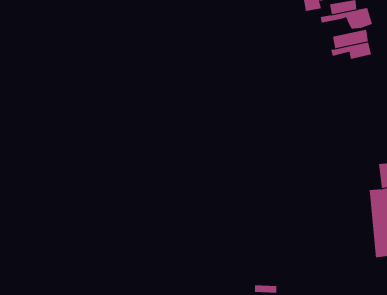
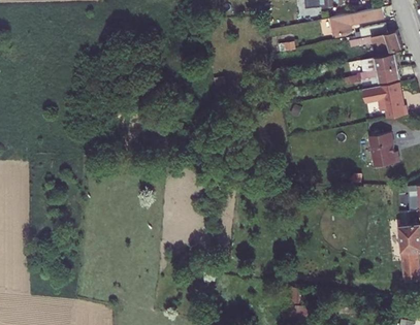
building: none -> [364,83,410,119]
building: none -> [370,133,400,167]

